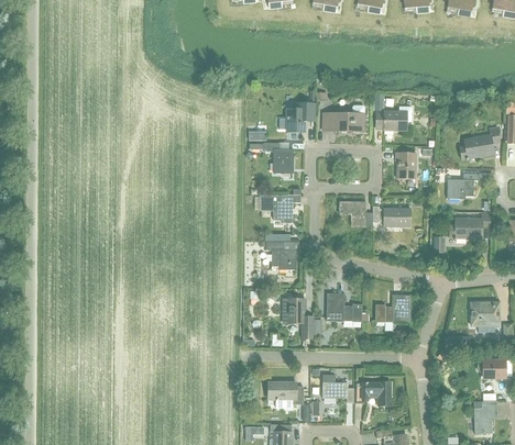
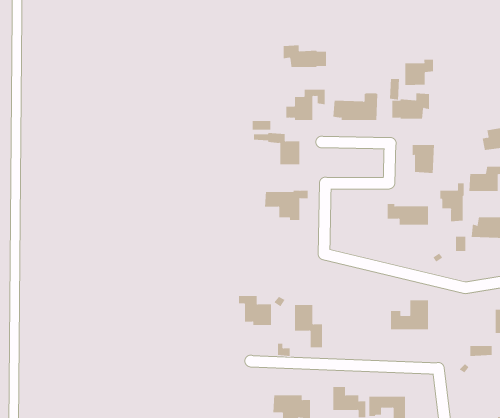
building: none -> [283,44,326,68]
building: none -> [405,59,433,86]
building: none -> [440,182,464,222]
building: [339,201,372,226] -> none
building: [265,242,296,269] -> [238,296,272,326]
building: [326,292,362,321] -> none

